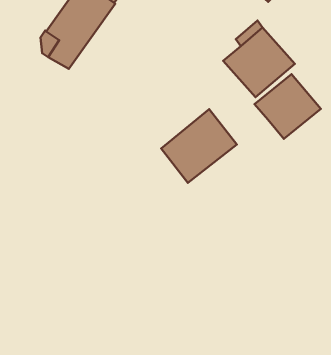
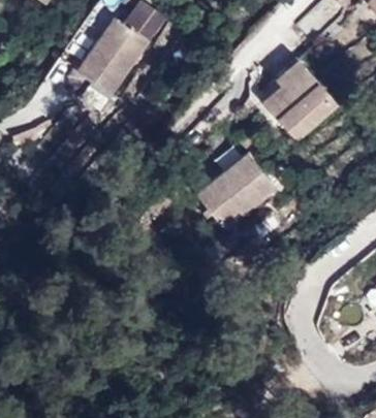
building: [254,74,321,139] -> none

